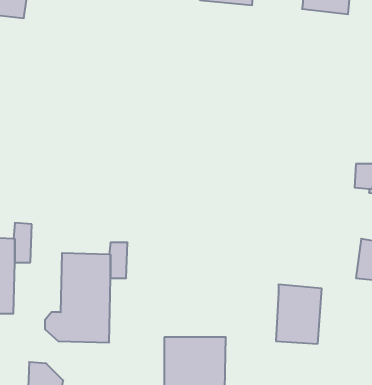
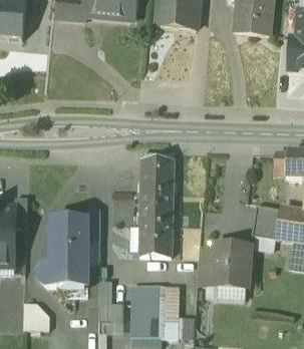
building: none -> [138,157,172,256]
building: none -> [252,203,279,237]
building: none -> [197,246,216,285]

